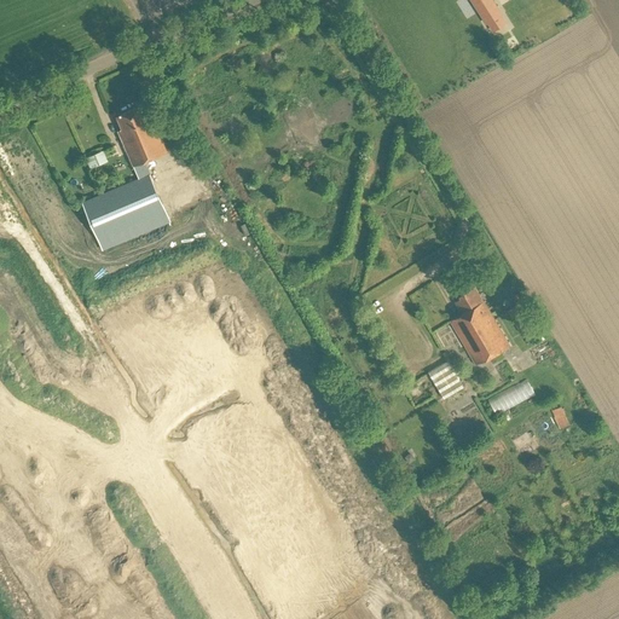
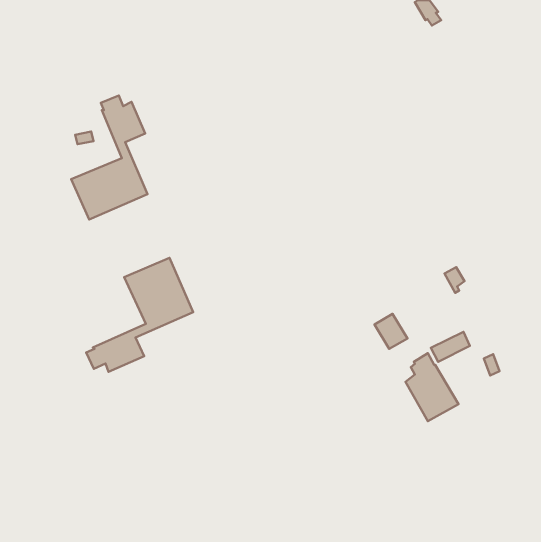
building: [449,288,509,365] -> [405,353,458,421]
building: none -> [86,258,193,372]

